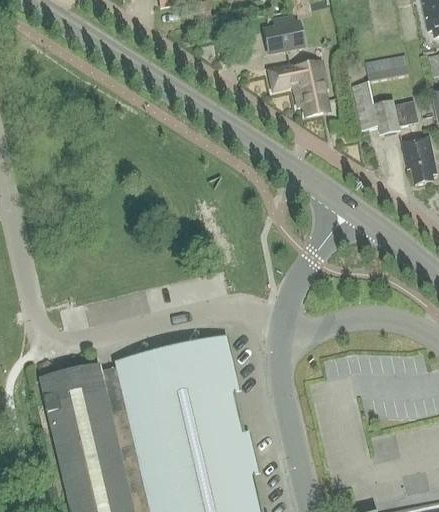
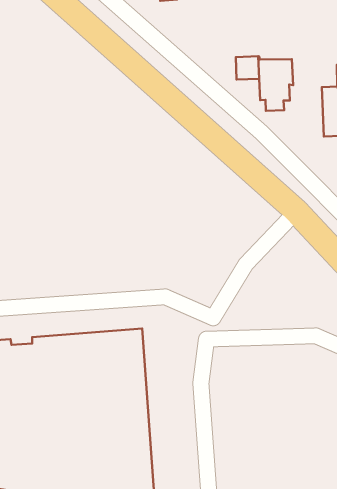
building: [265,24,304,51] -> none

